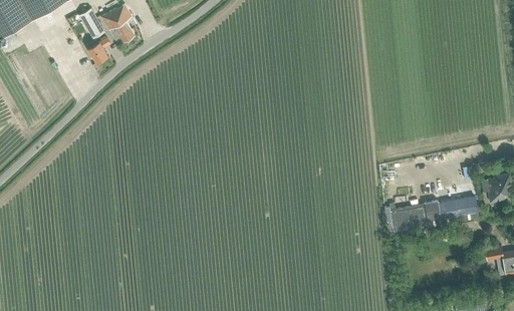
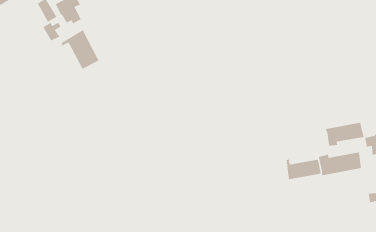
building: none -> [60,29,100,70]
building: none -> [325,122,364,147]

